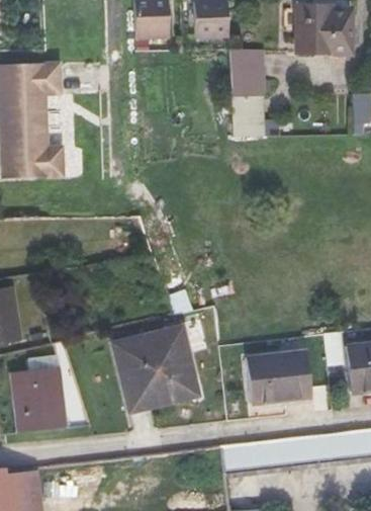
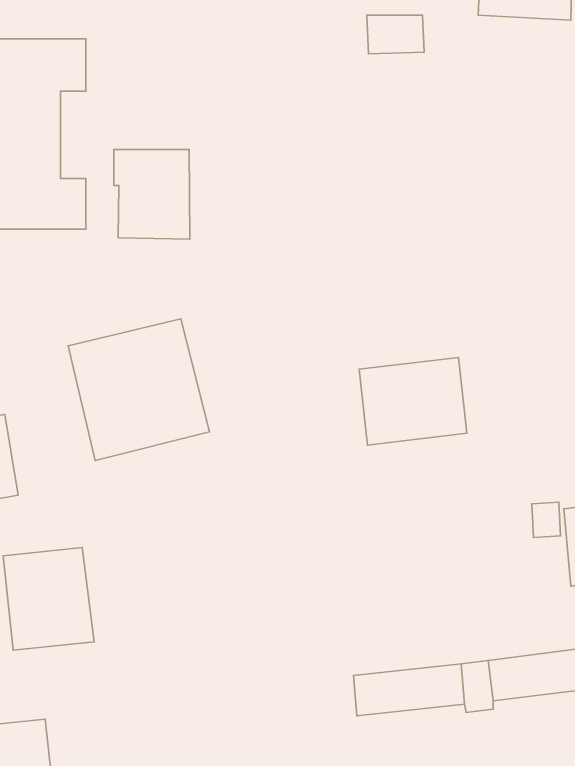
building: [230,72,264,97] -> none
building: none -> [114,149,190,239]
building: [113,327,198,412] -> [68,319,210,460]
building: [247,351,311,404] -> [359,357,467,445]

